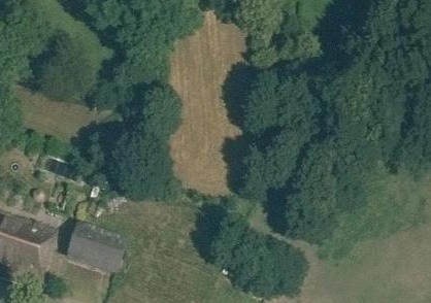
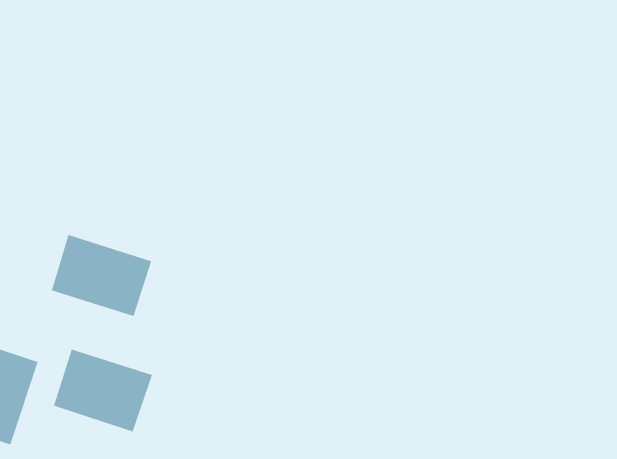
building: none -> [51,234,152,317]

